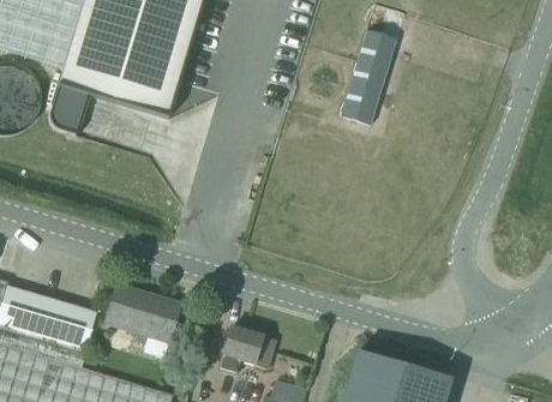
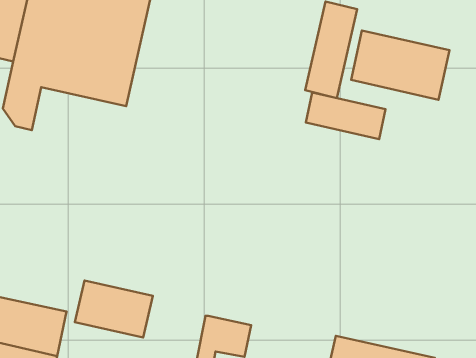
building: none -> [351,30,449,100]
building: none -> [306,92,386,139]

